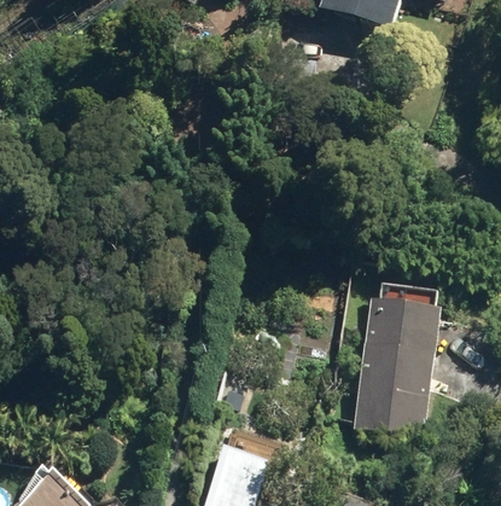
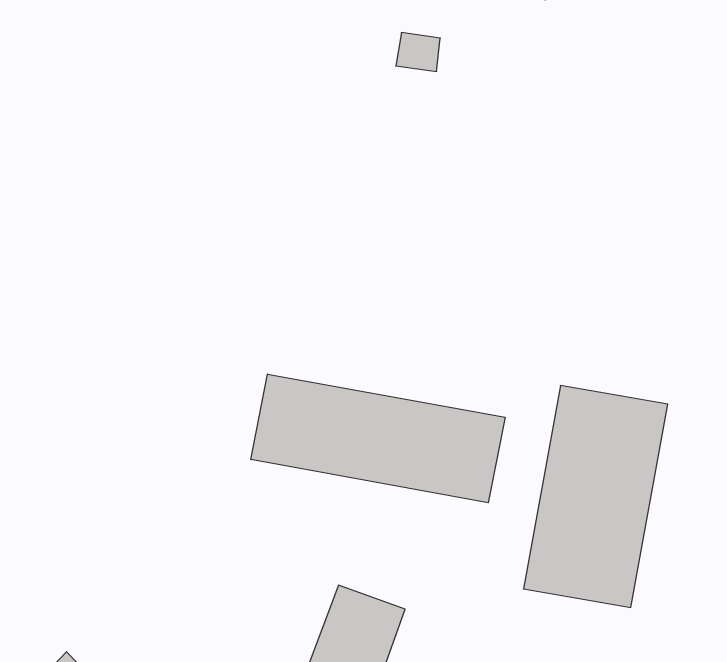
building: none -> [251,374,505,503]

